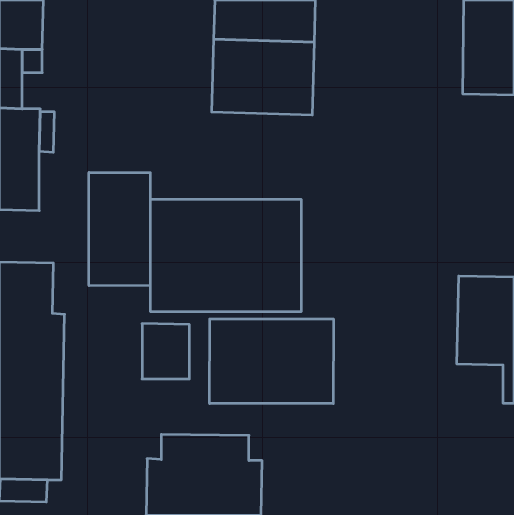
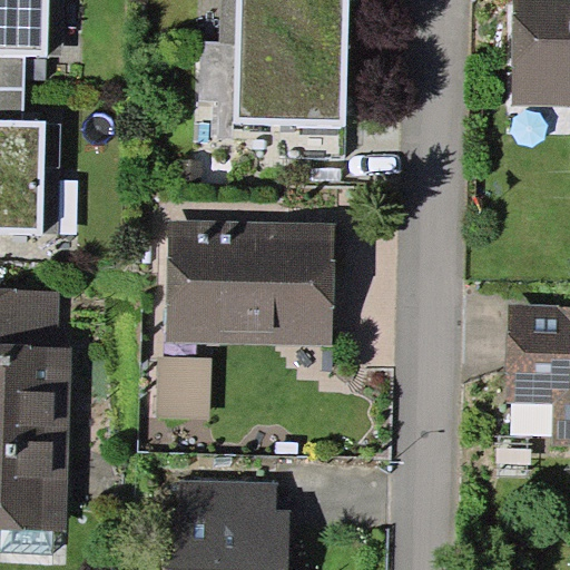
building: [89,172,150,286] -> none
building: [210,319,333,404] -> none

